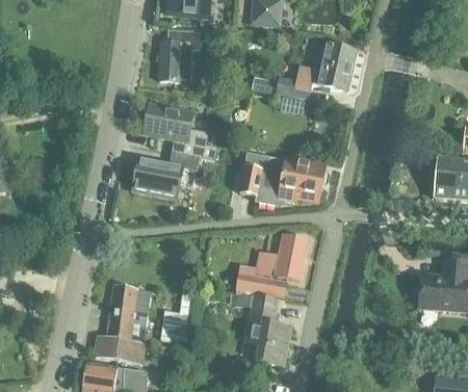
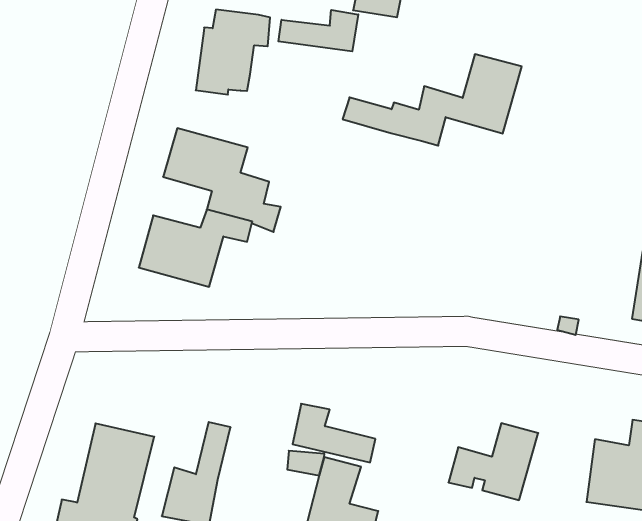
building: none -> [278,10,358,51]
building: [240,153,324,206] -> none
building: [256,234,308,280] -> [448,423,538,500]

